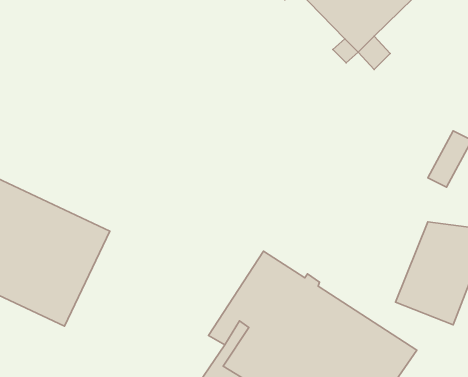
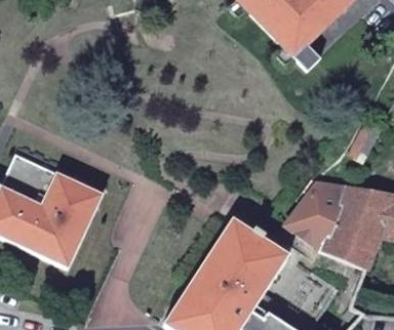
building: none -> [285,183,347,250]

